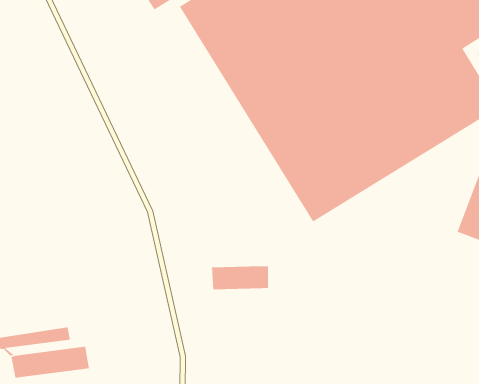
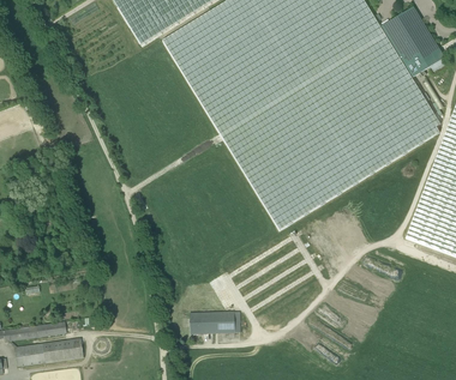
building: [211,265,269,290] -> [190,310,240,332]

